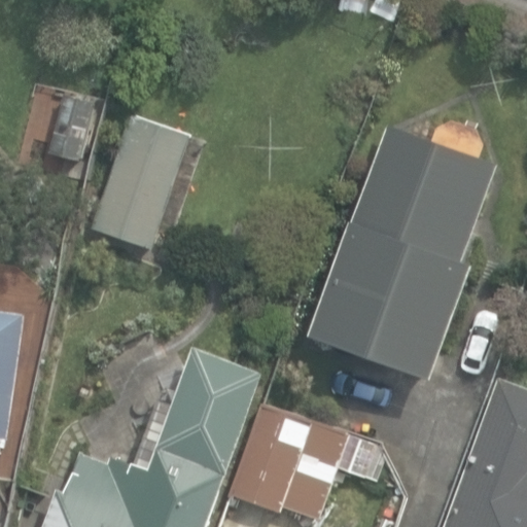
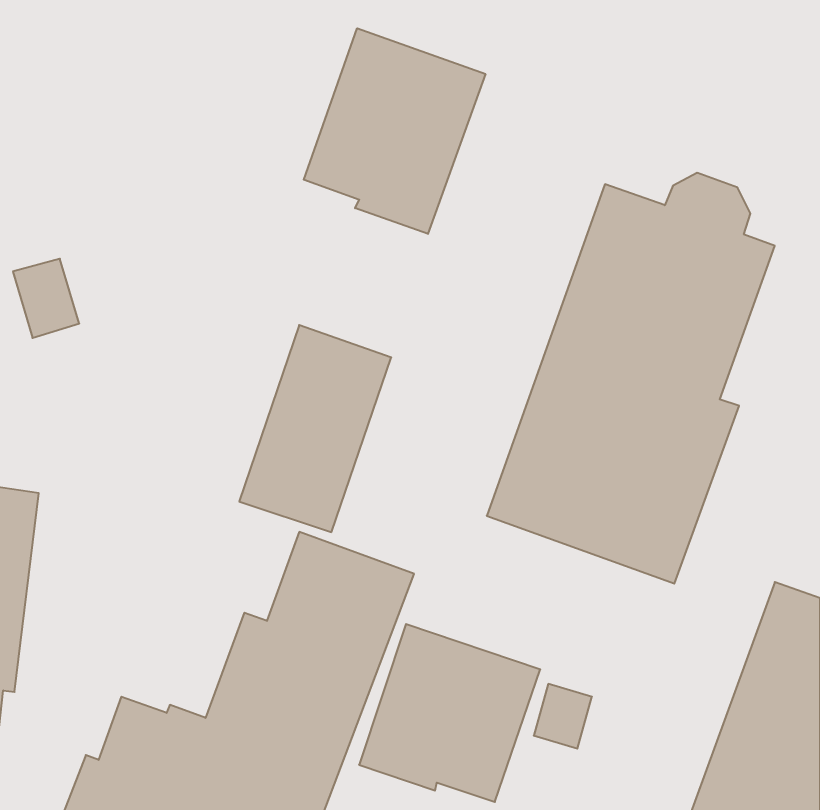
building: none -> [304,28,485,234]
building: [92,116,188,248] -> [239,325,391,532]

